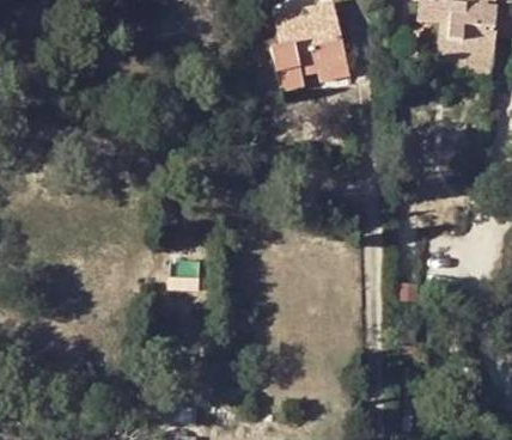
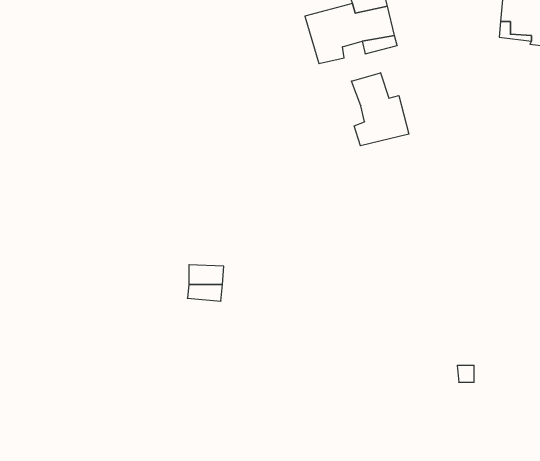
building: none -> [351,73,409,146]

